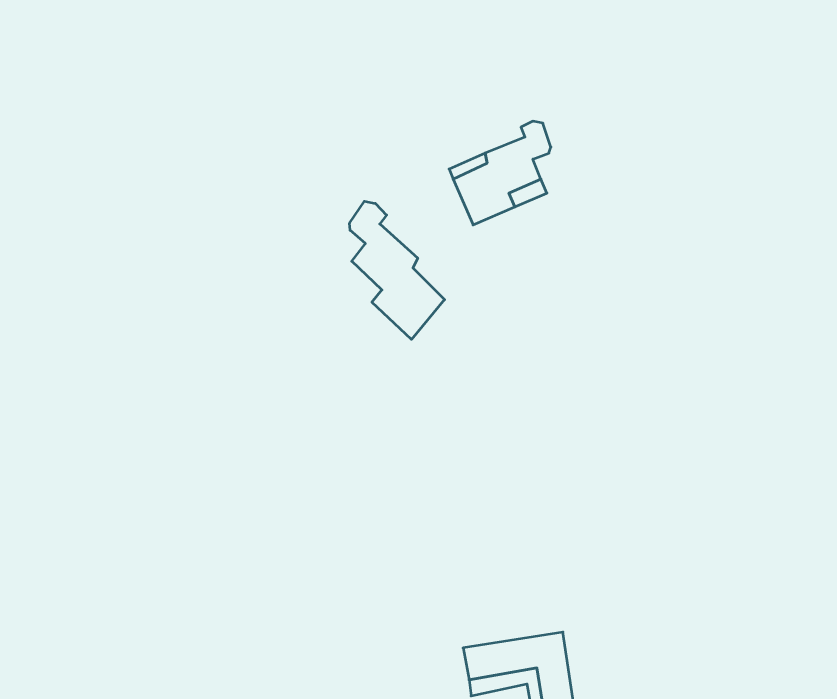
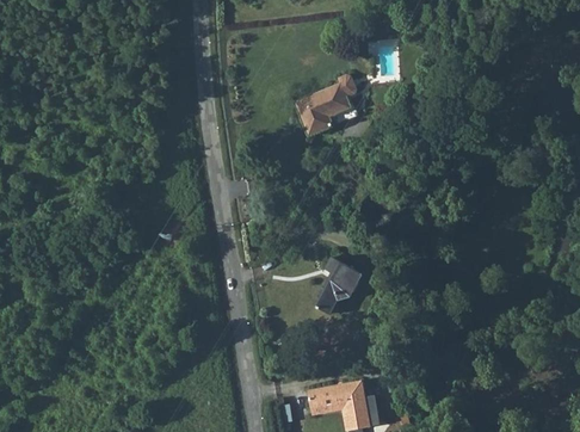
building: [350,201,445,339] -> none
building: none -> [316,257,364,316]

